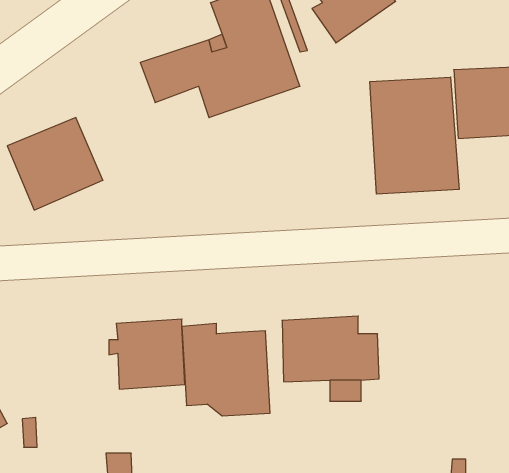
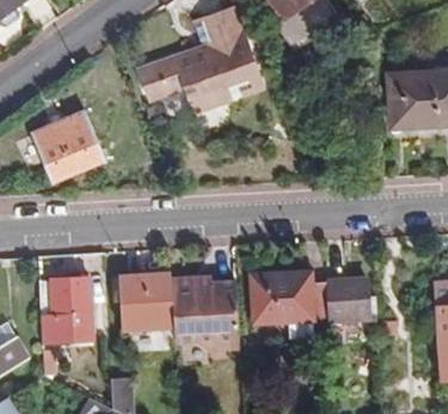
building: [370,77,459,194] -> none
building: none -> [38,276,92,341]
building: none -> [326,278,369,340]

